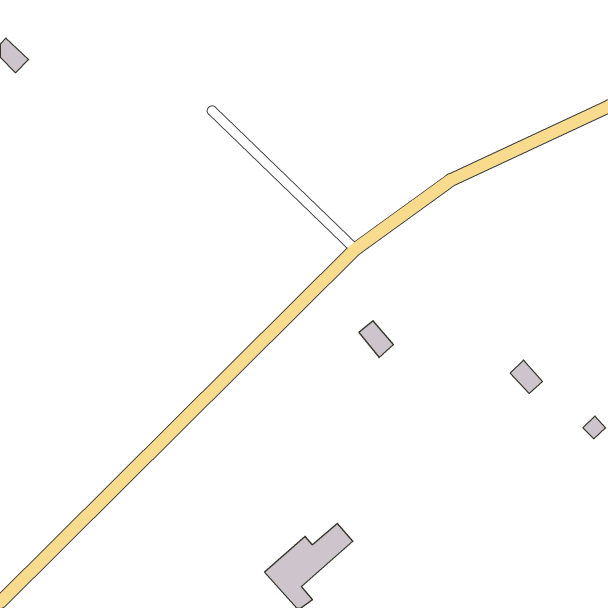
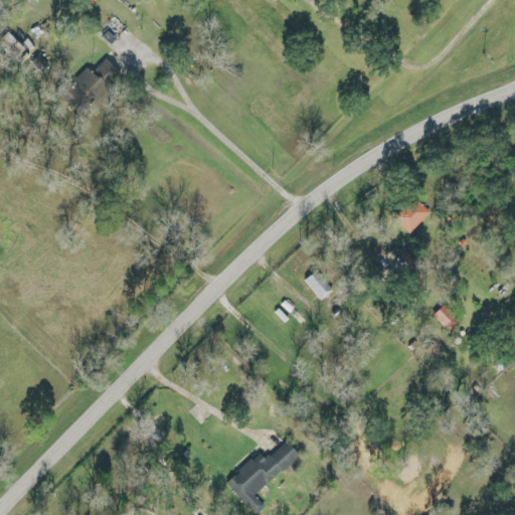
building: none -> [66,58,122,113]
building: none -> [399,199,430,229]

